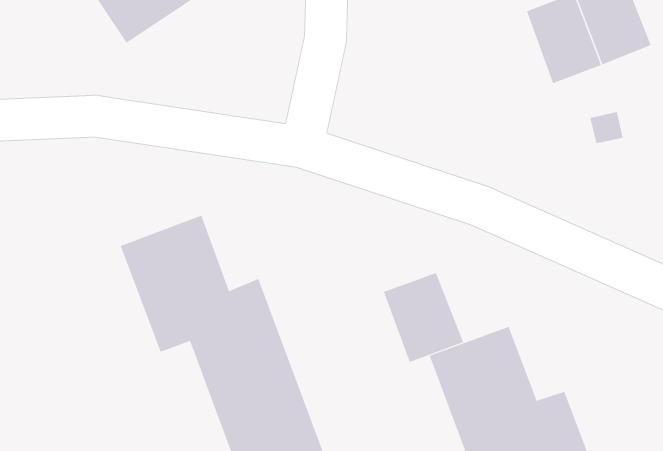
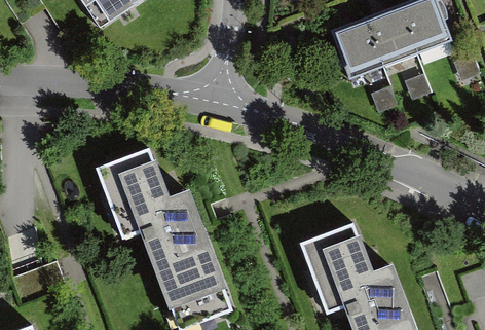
building: none -> [333,11,383,72]
building: [383,272,464,363] -> none

